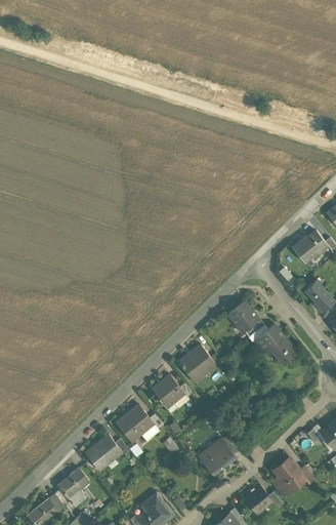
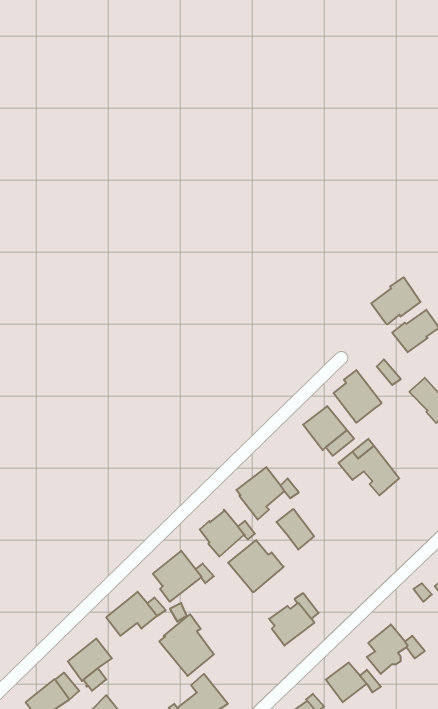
building: none -> [371,277,421,324]
building: none -> [334,370,381,423]
building: none -> [276,509,314,550]
building: none -> [228,540,284,592]
building: none -> [159,614,214,676]

